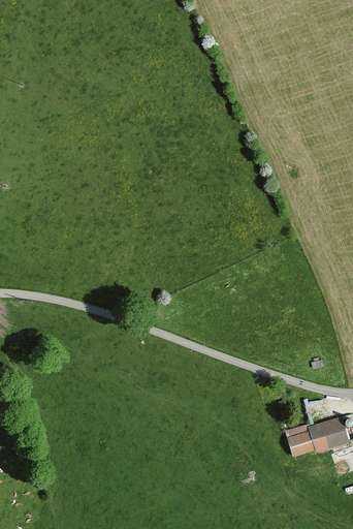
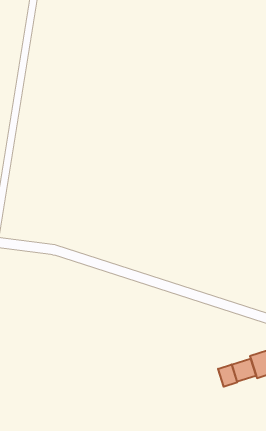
building: none -> [218,364,237,387]

